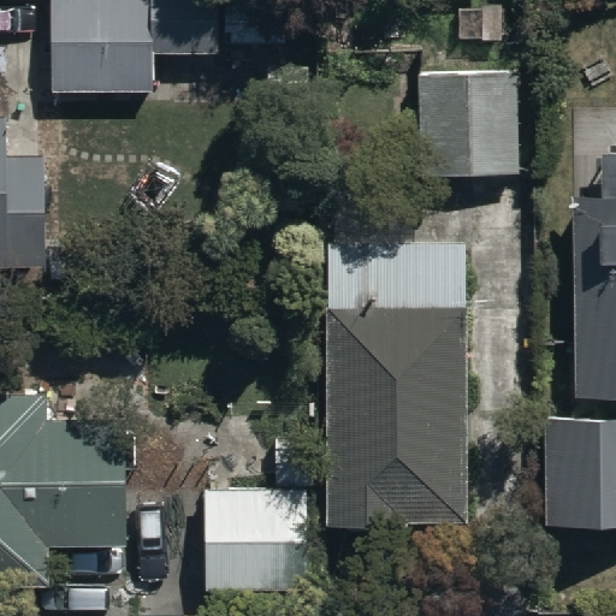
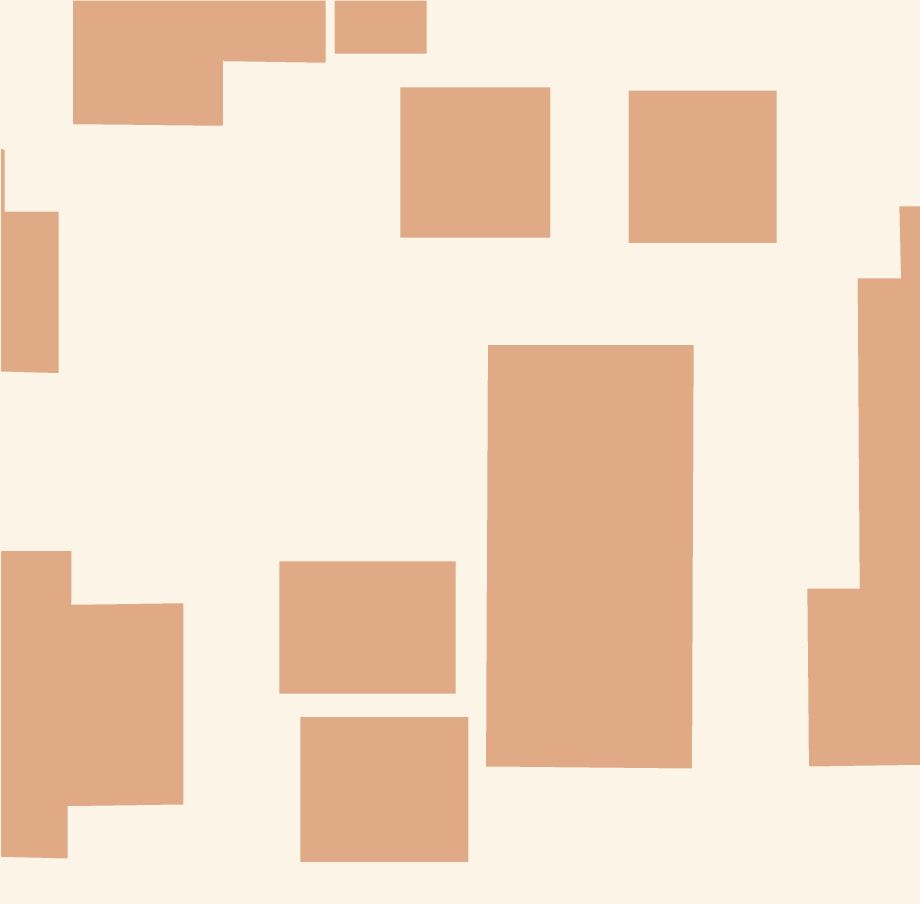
building: none -> [400,86,551,238]
building: none -> [279,560,456,695]

